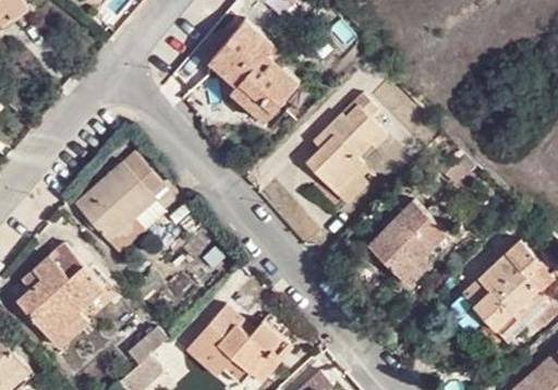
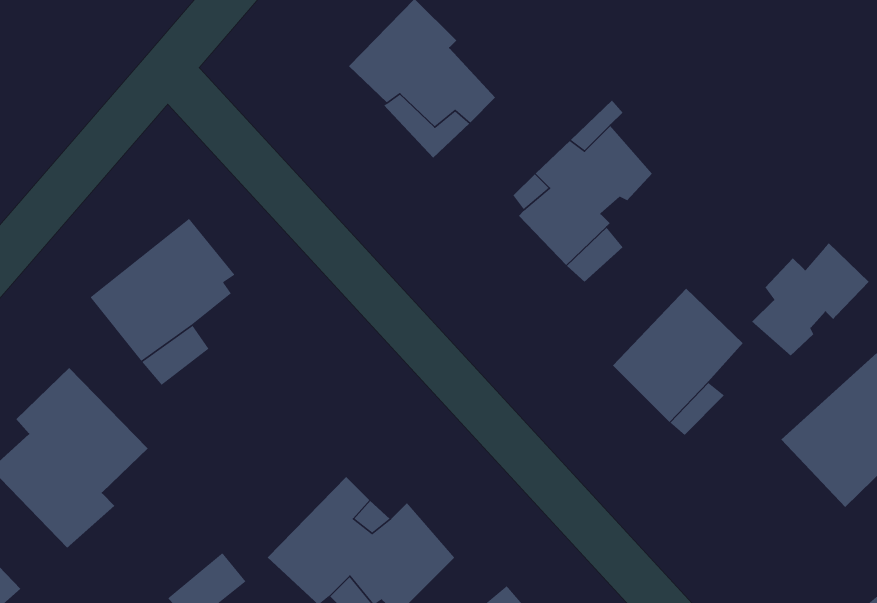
building: none -> [751,243,869,356]

